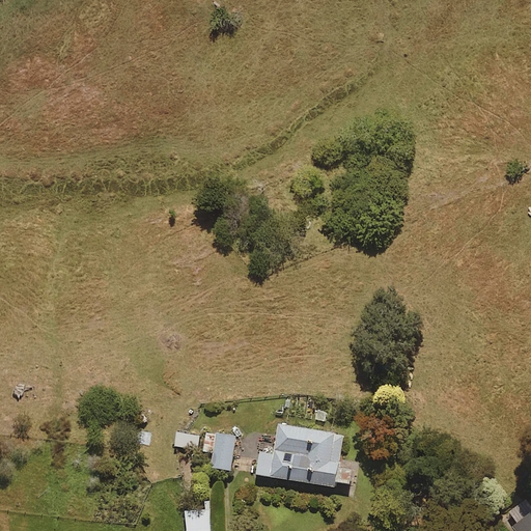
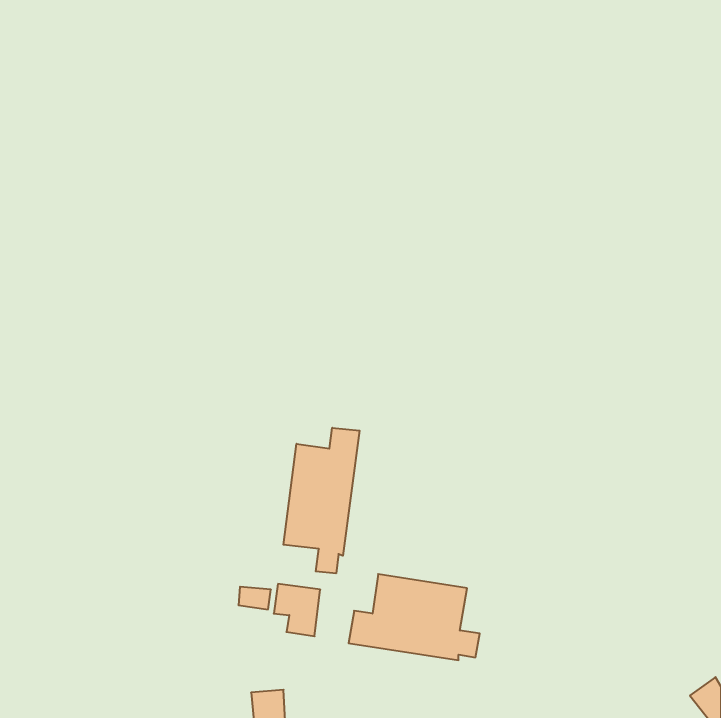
building: none -> [283,428,360,573]

